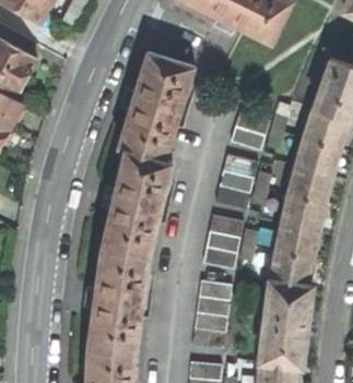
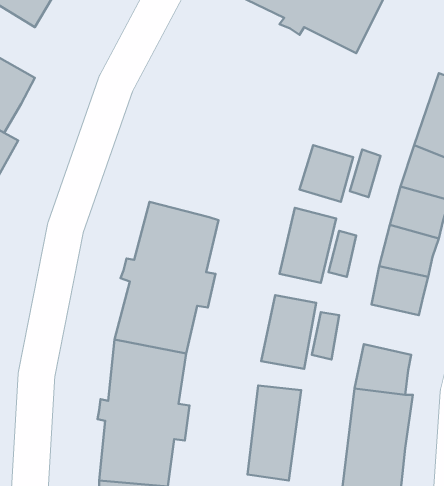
building: [116,51,192,160] -> none
building: [275,223,315,259] -> none

